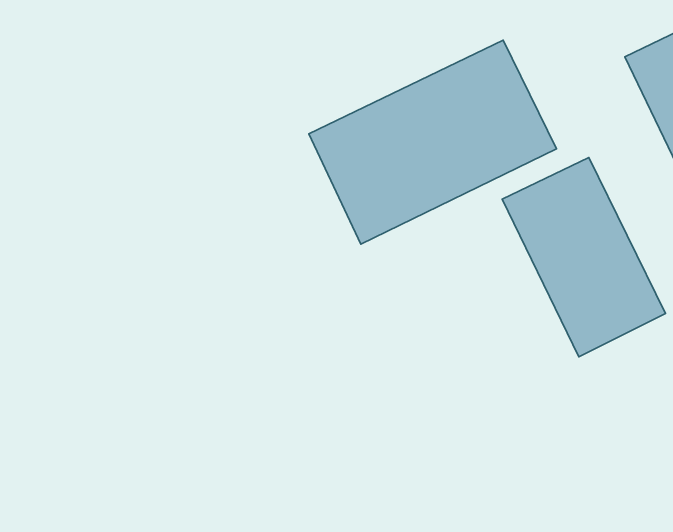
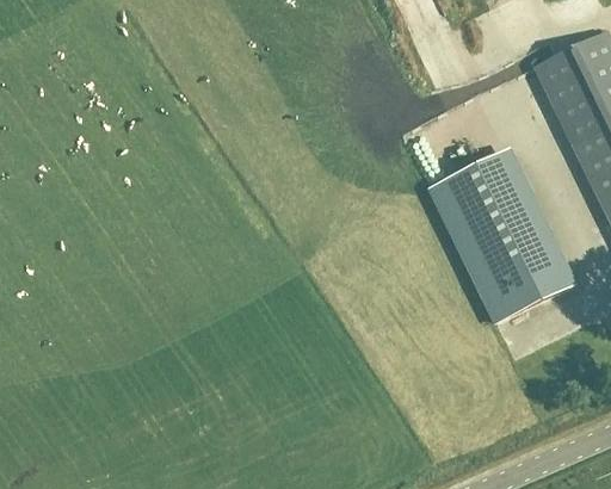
building: [309,40,556,244] -> none

